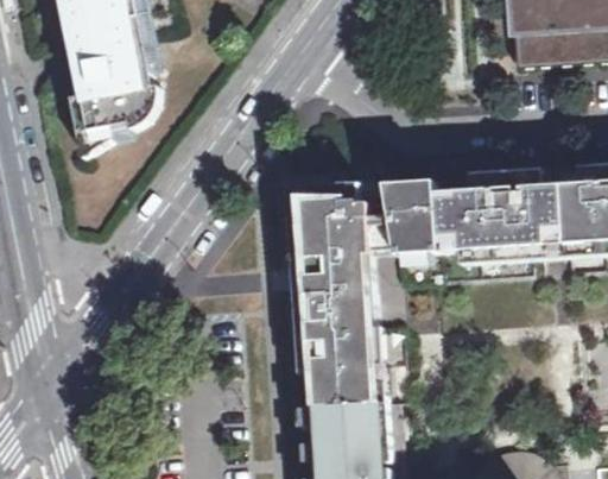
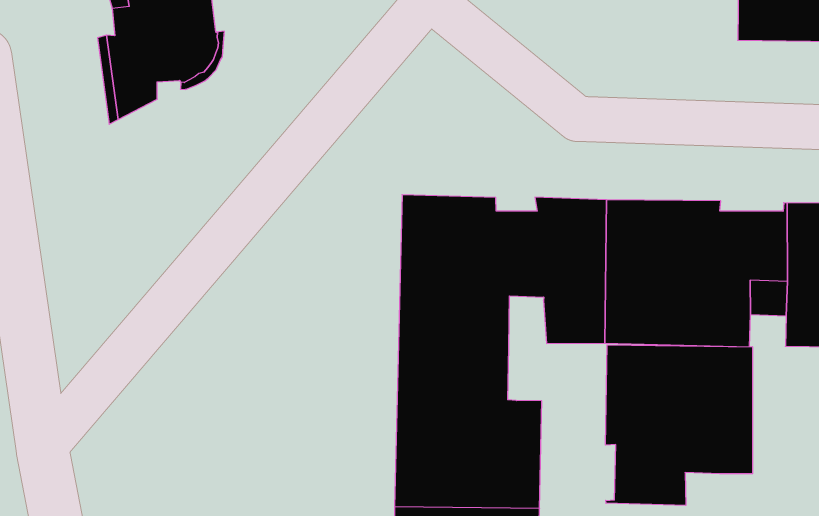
building: none -> [605,345,753,505]

